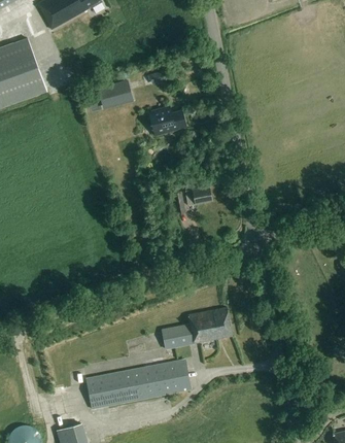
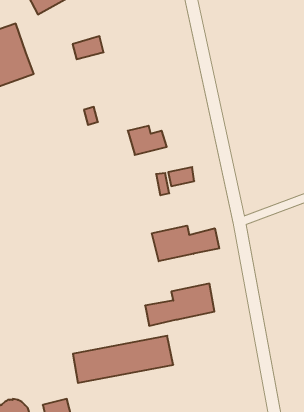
building: [100,81,132,105] -> [73,36,104,59]
building: [146,106,186,136] -> [128,126,167,155]
building: none -> [152,226,219,261]

